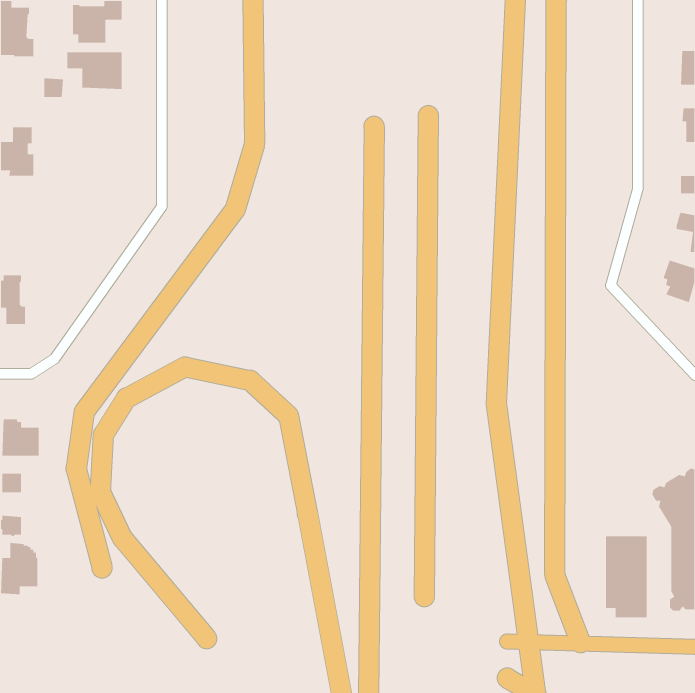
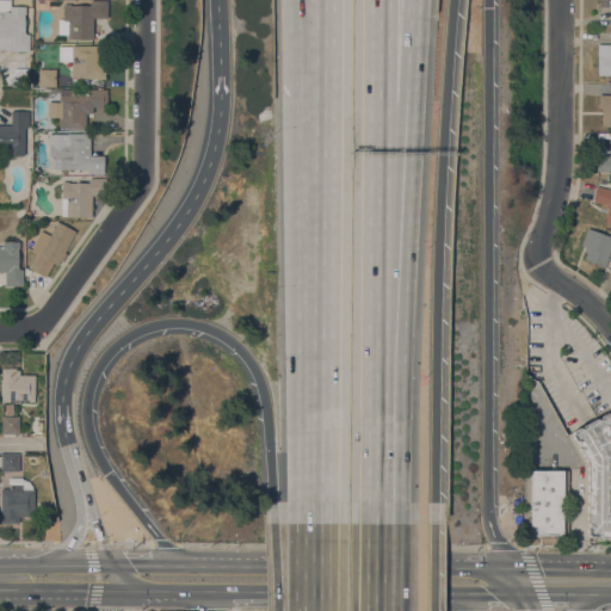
building: none -> [48,90,107,129]
building: none -> [48,134,104,174]
building: none -> [61,179,106,217]
building: none -> [30,223,75,278]

